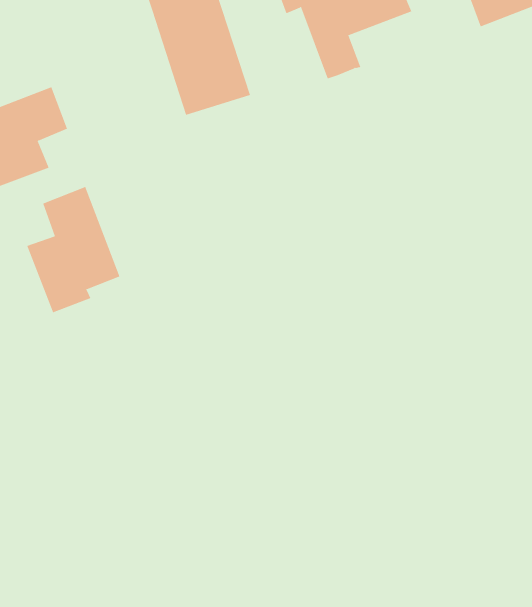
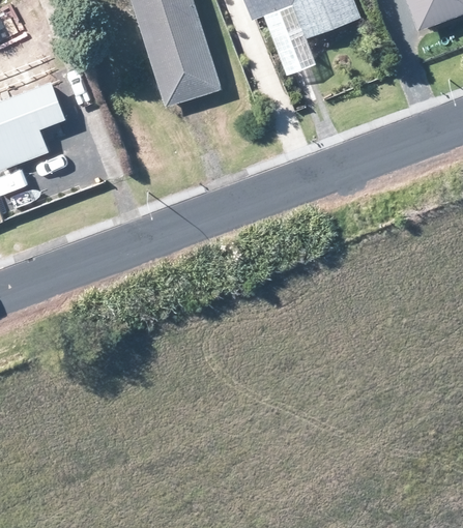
building: [26,186,120,313] -> none

